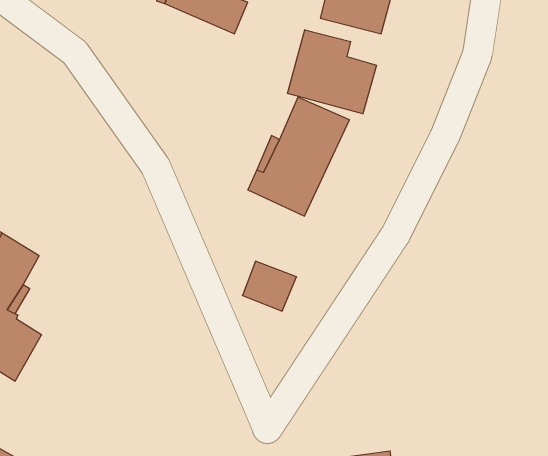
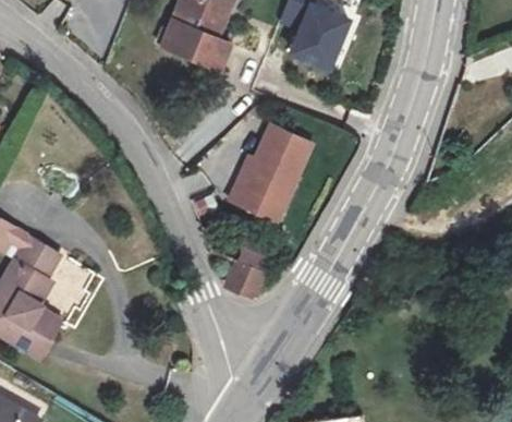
building: [287,30,377,114] -> none

